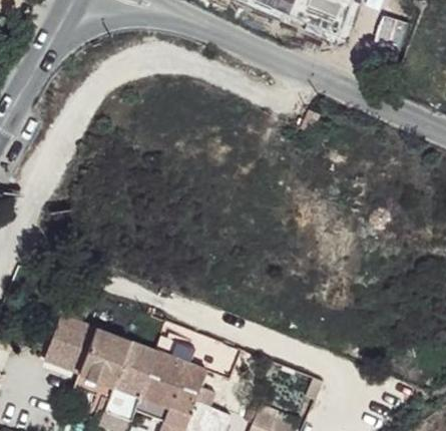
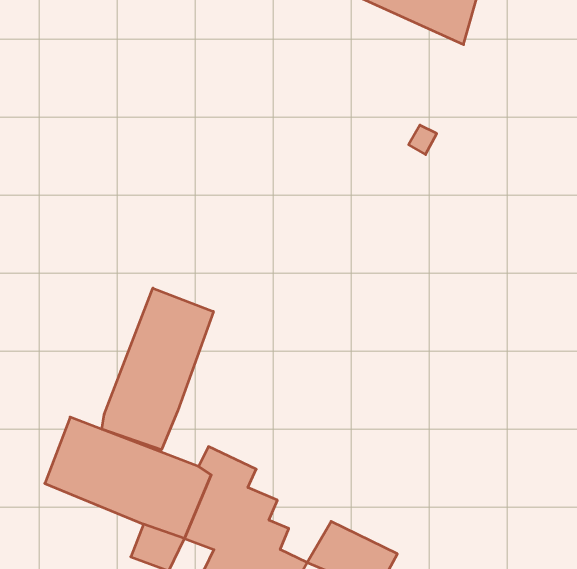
building: none -> [102,288,213,450]

